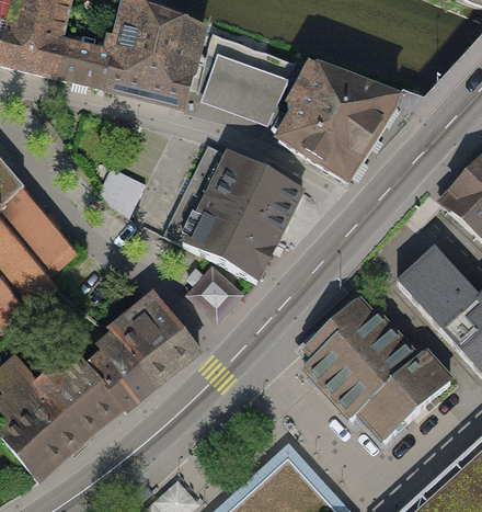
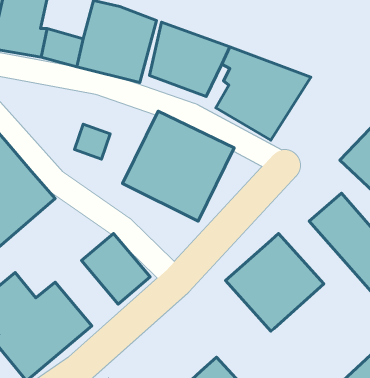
building: [187,265,248,326] -> none
building: [79,330,158,412] -> none
building: [354,352,454,447] -> none

